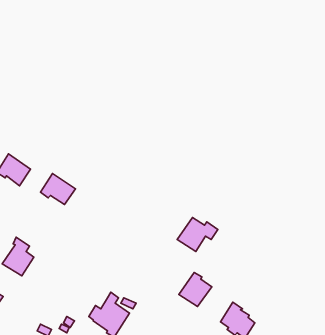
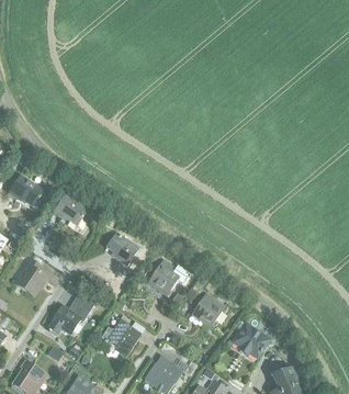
building: none -> [105,232,139,264]
building: [177,217,218,251] -> [148,259,189,293]
building: none -> [48,293,93,334]

